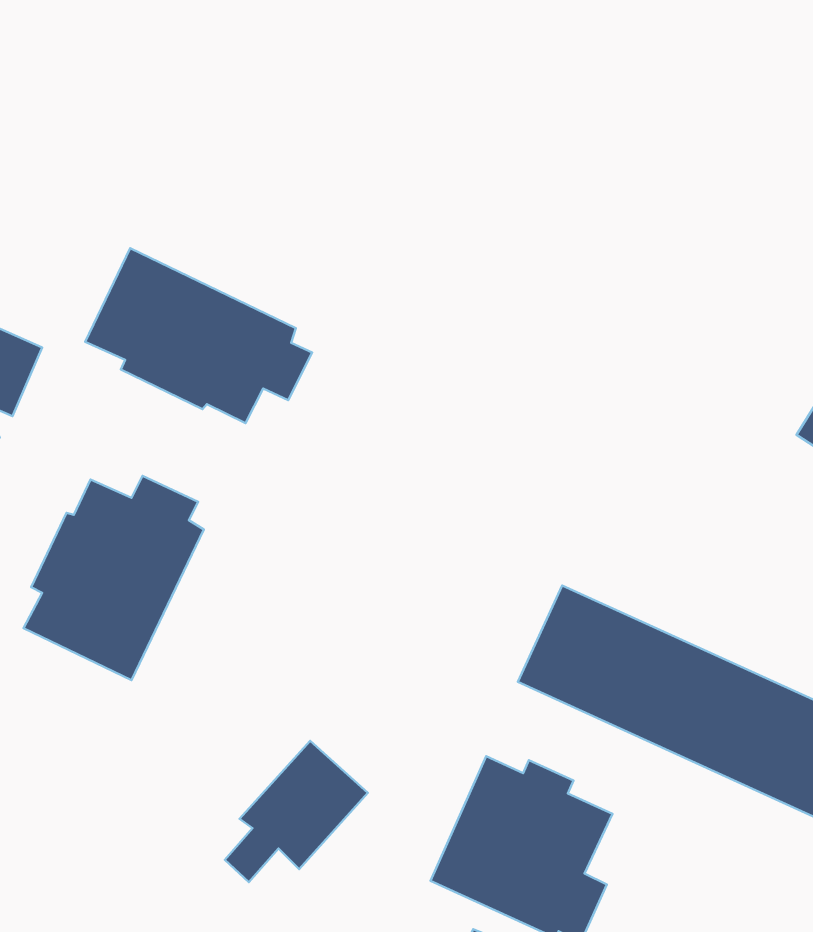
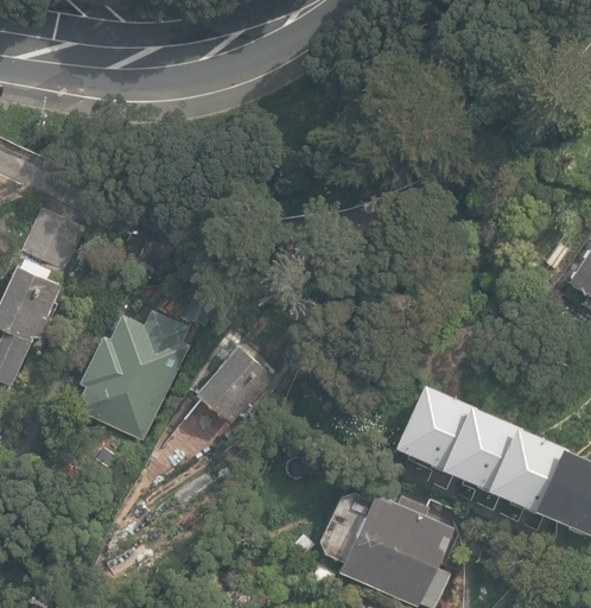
building: [85,248,312,423] -> none
building: [225,741,368,882] -> [184,346,275,436]

